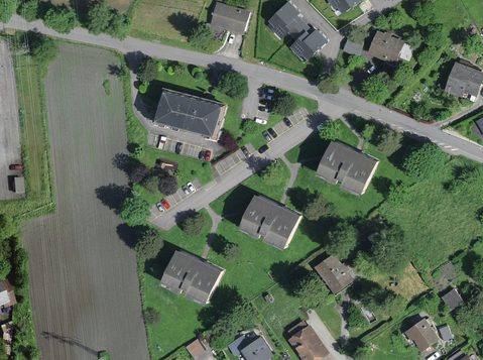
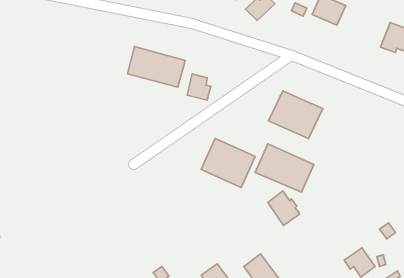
building: none -> [187,74,211,100]
building: none -> [255,144,314,192]
building: [162,249,223,304] -> none

